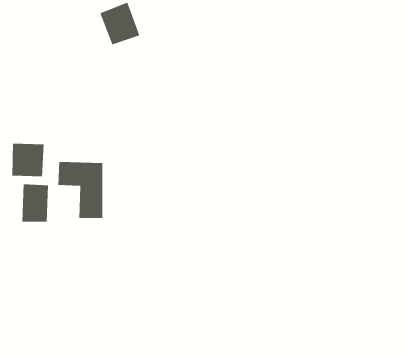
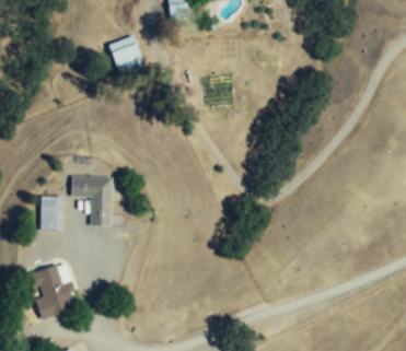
building: [12,143,44,177] -> none
building: none -> [34,261,74,317]

